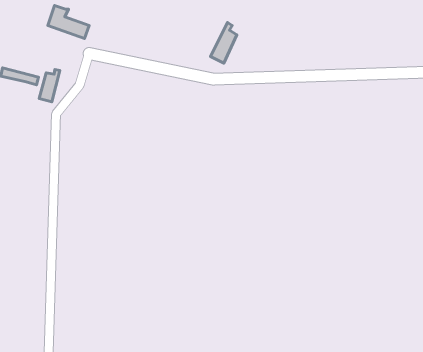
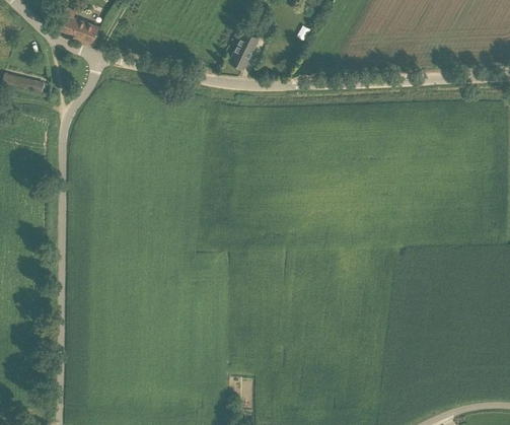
building: [39,70,60,102] -> none

